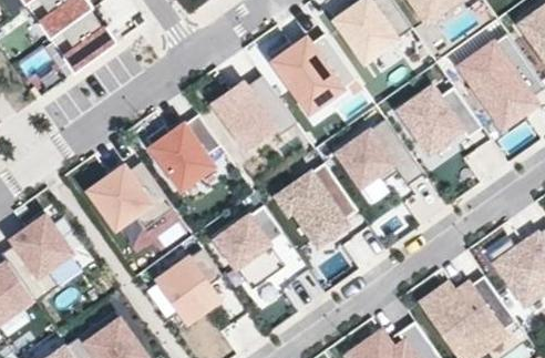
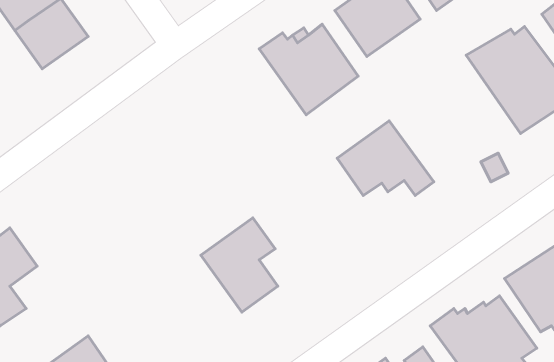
building: [213,76,296,149] -> none
building: [398,86,482,154] -> none
building: [145,115,219,188] -> none
building: [89,162,173,229] -> none
building: [280,163,357,241] -> none
building: [158,249,220,320] -> none

